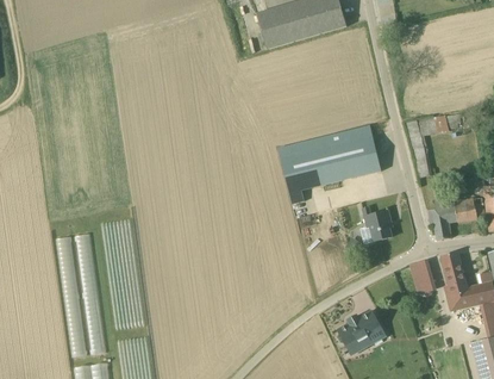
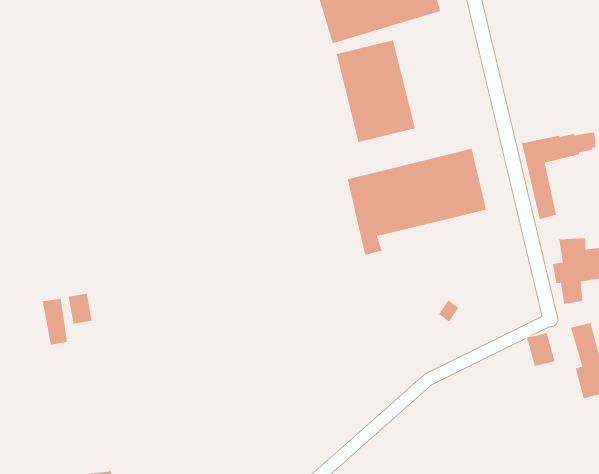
building: none -> [336,39,415,143]
building: [361,206,393,243] -> none
building: [339,312,382,347] -> none

